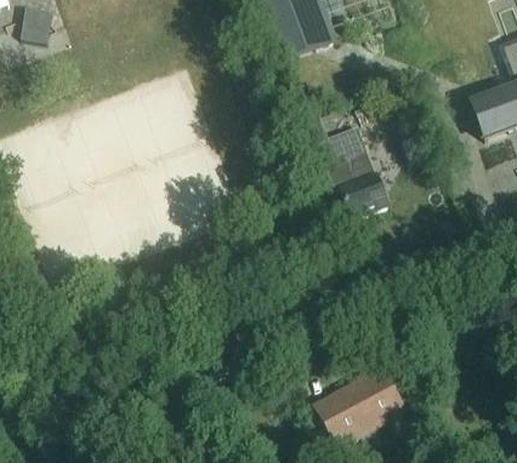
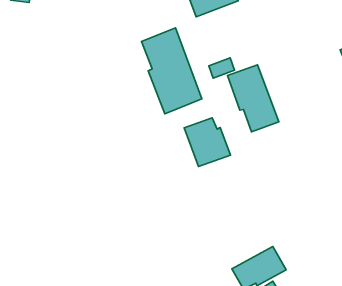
building: none -> [141,28,202,114]
building: none -> [184,118,231,167]

